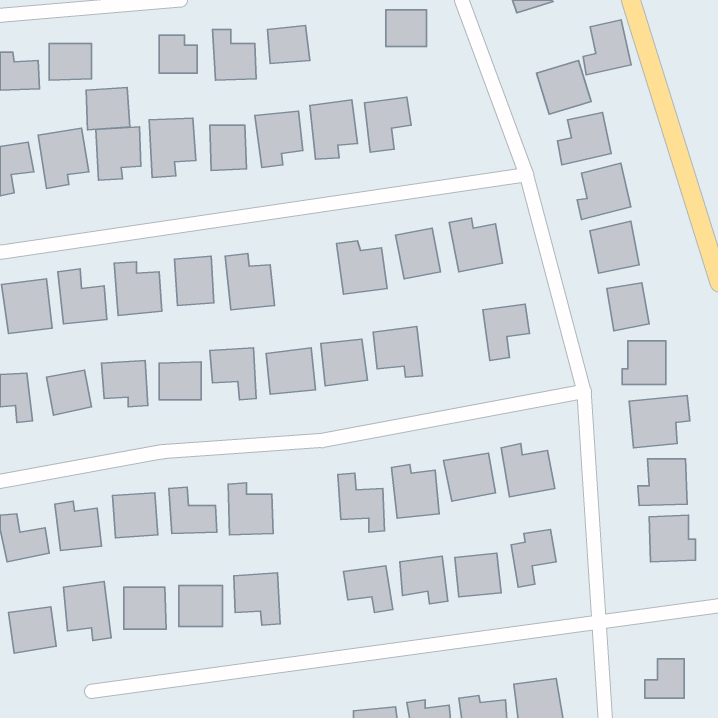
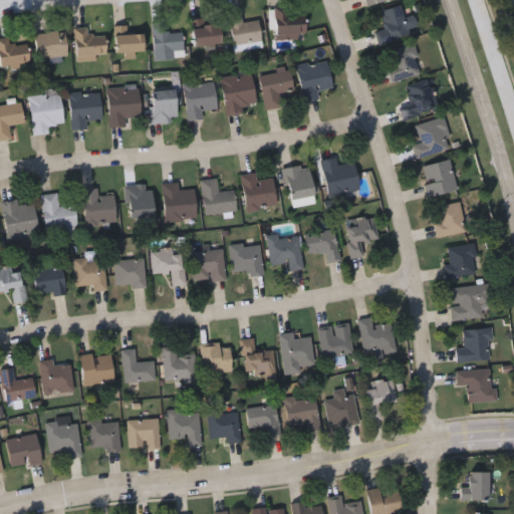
building: none -> [230,12,261,44]
building: [583,20,631,75] -> [375,6,410,45]
building: none -> [297,60,332,101]
building: [86,87,130,130] -> [75,28,106,58]
building: none -> [201,178,237,215]
building: none -> [304,229,340,262]
building: none -> [200,345,232,374]
building: none -> [207,410,241,443]

